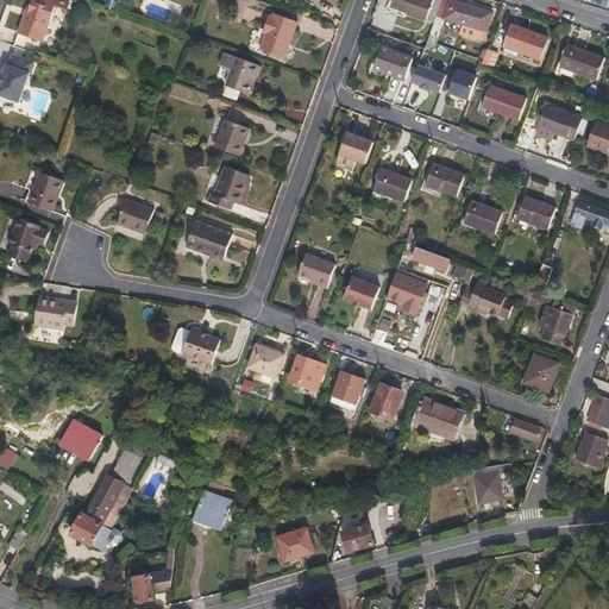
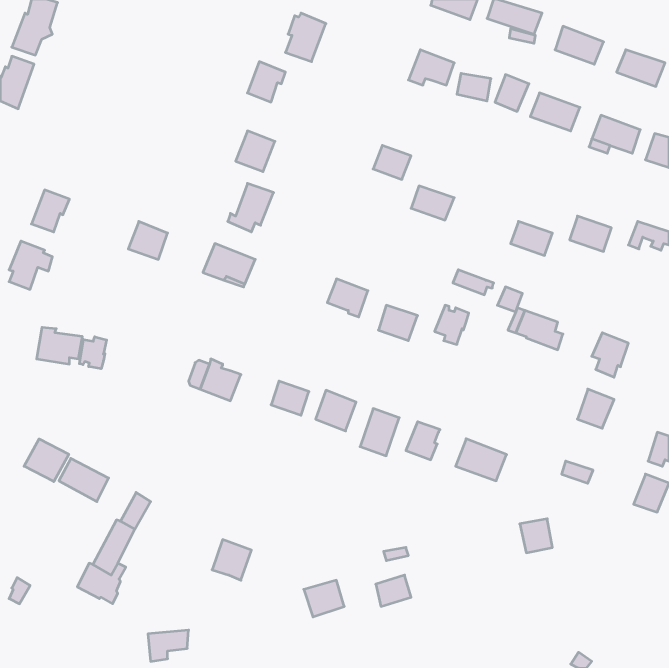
building: [426,164,464,195] -> none
building: none -> [79,337,107,369]
building: none -> [24,439,69,482]

